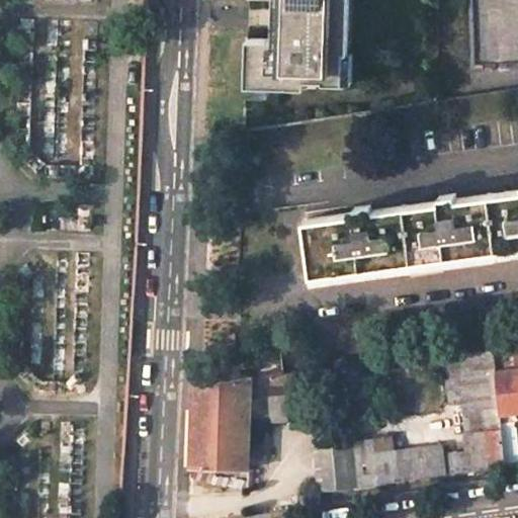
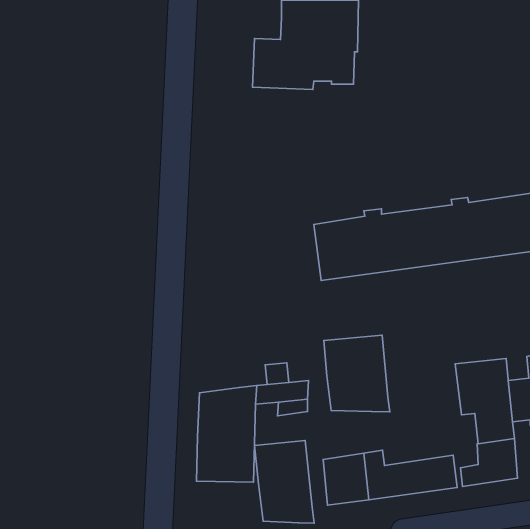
building: none -> [324,335,390,412]
building: none -> [255,441,314,523]

